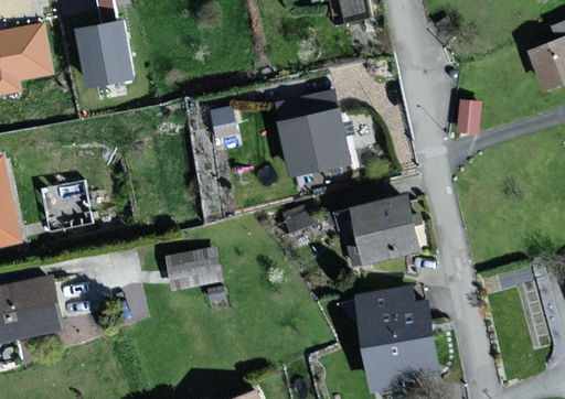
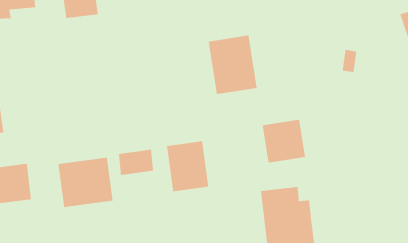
building: none -> [167,141,209,192]
building: none -> [58,157,113,208]

